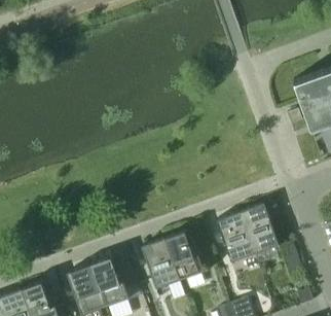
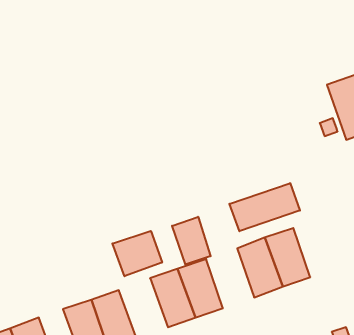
building: none -> [229,183,300,231]
building: none -> [172,217,211,265]
building: none -> [112,231,162,276]

